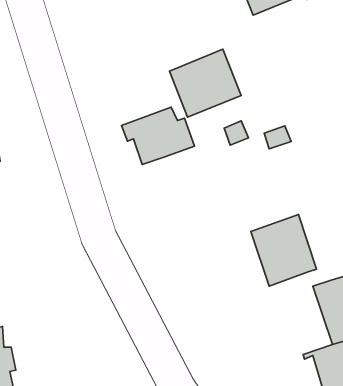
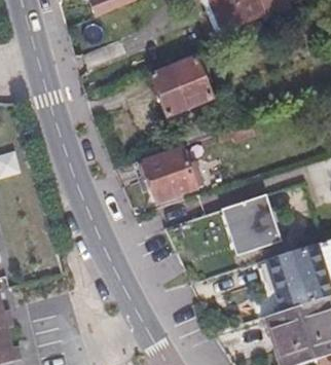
building: [121,107,194,164] -> [139,150,200,198]

